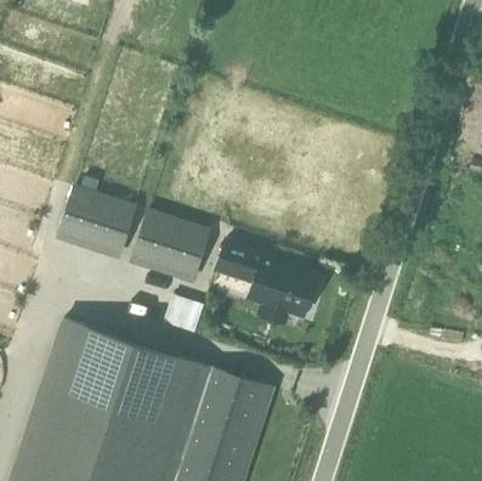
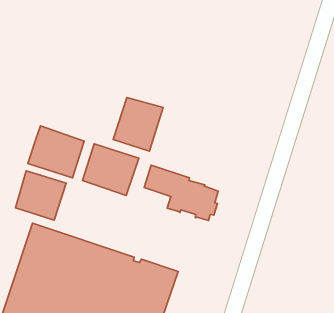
building: none -> [113,97,163,151]
building: none -> [16,171,66,220]

